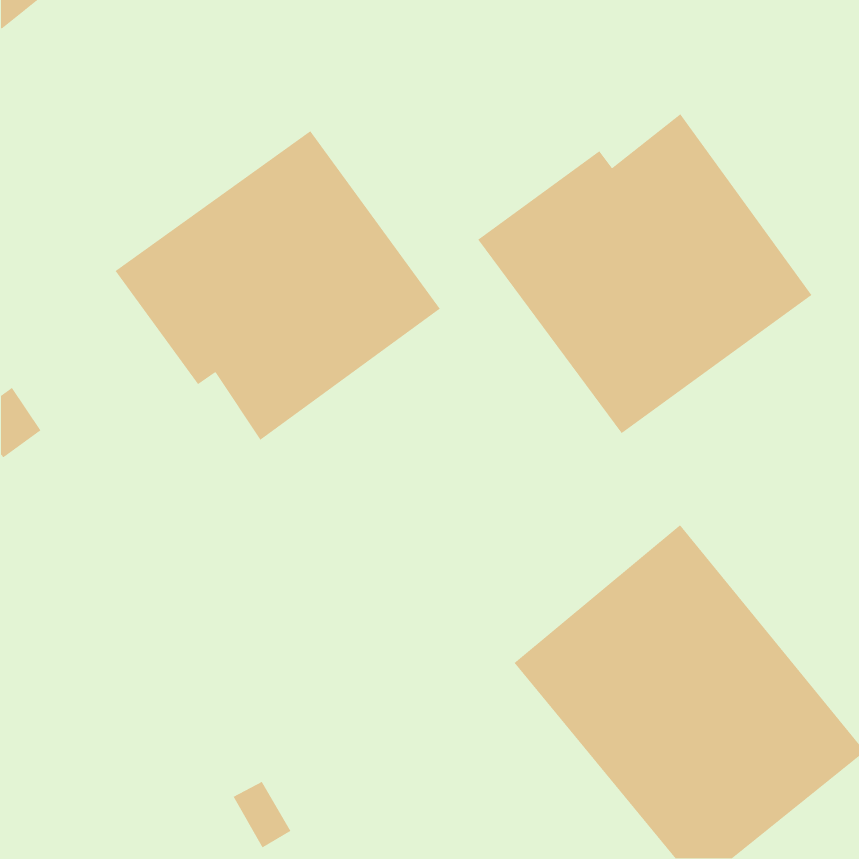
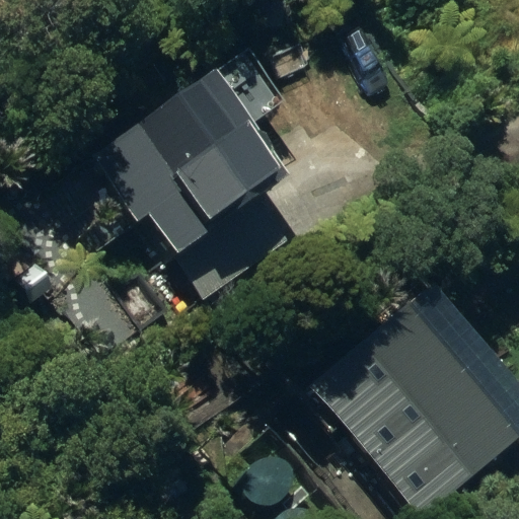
building: [477,113,812,434] -> none

